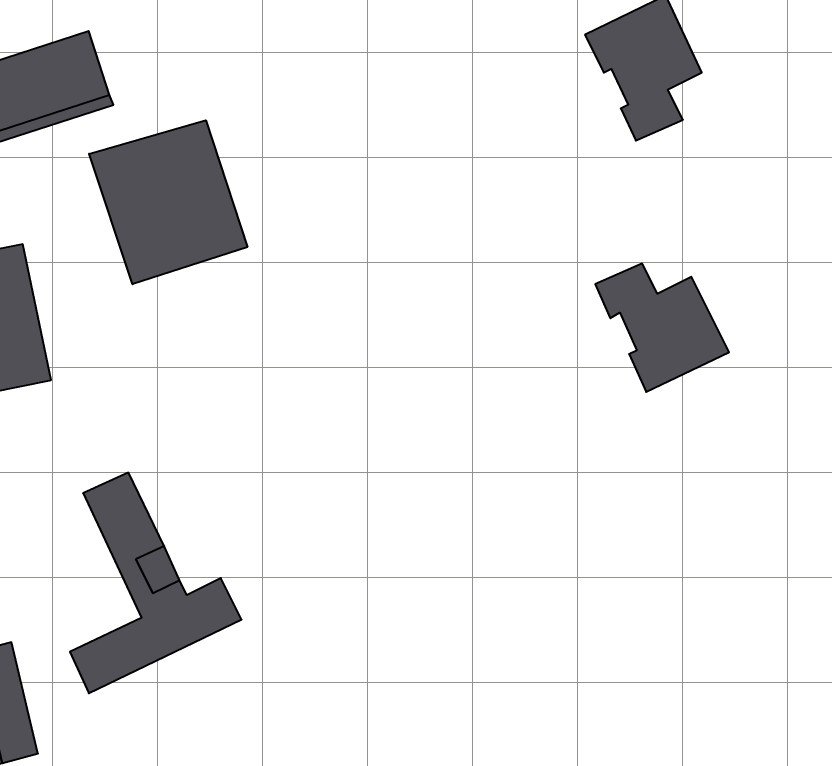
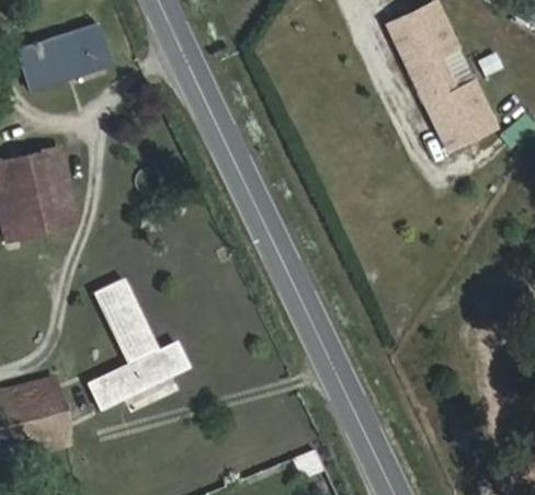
building: [89,120,247,284] -> none
building: [595,264,729,392] -> [417,74,494,149]

